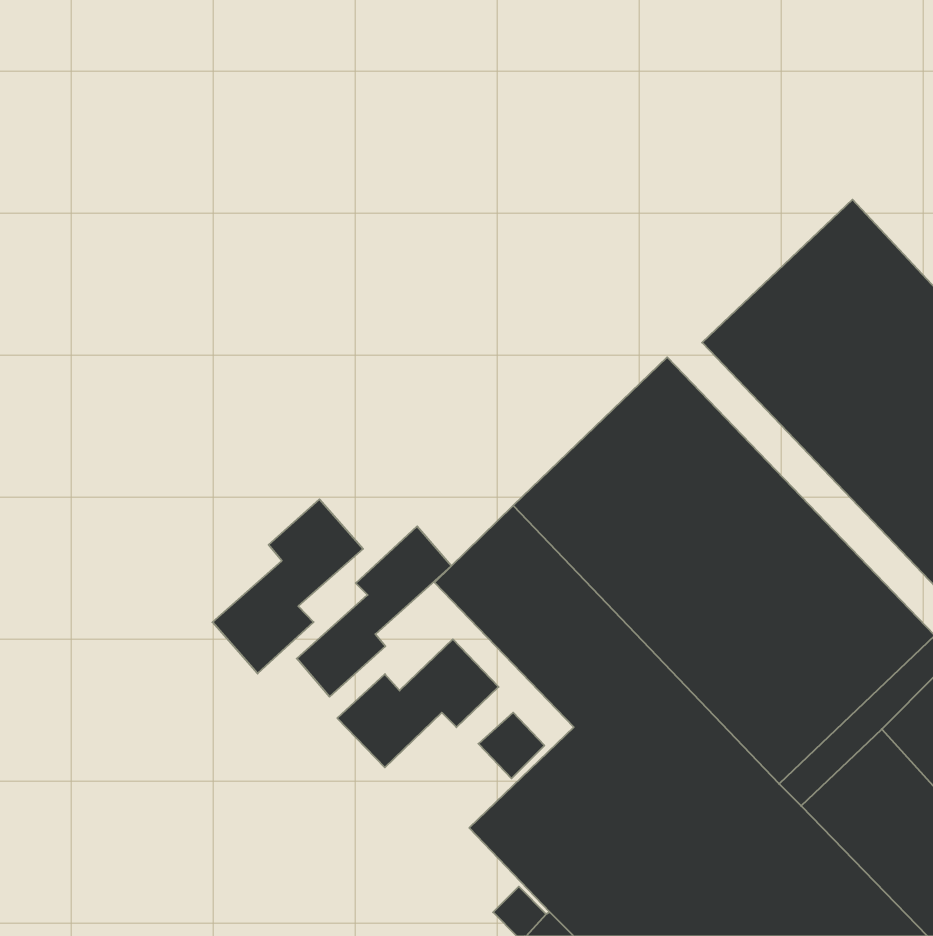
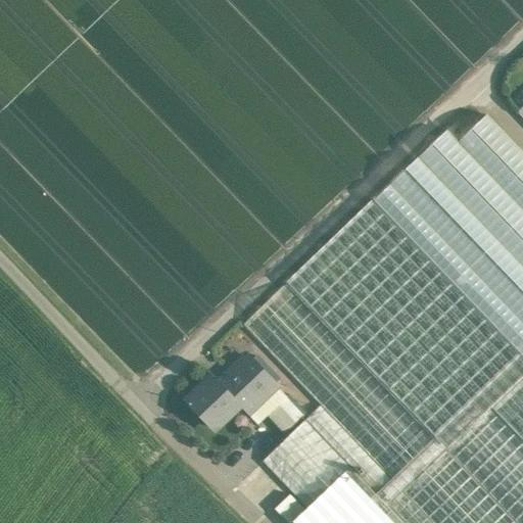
building: [212,499,363,674] -> none
building: [297,526,451,697] -> none

